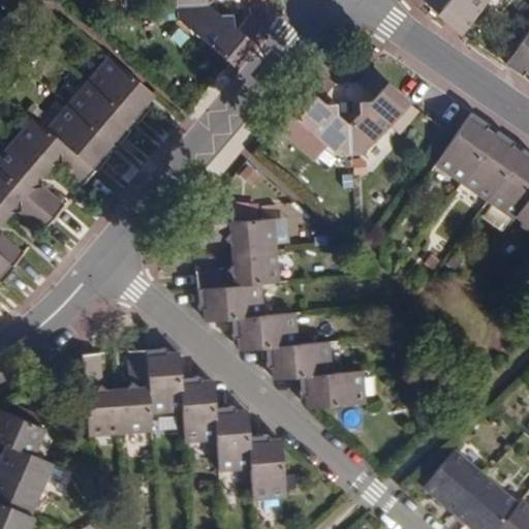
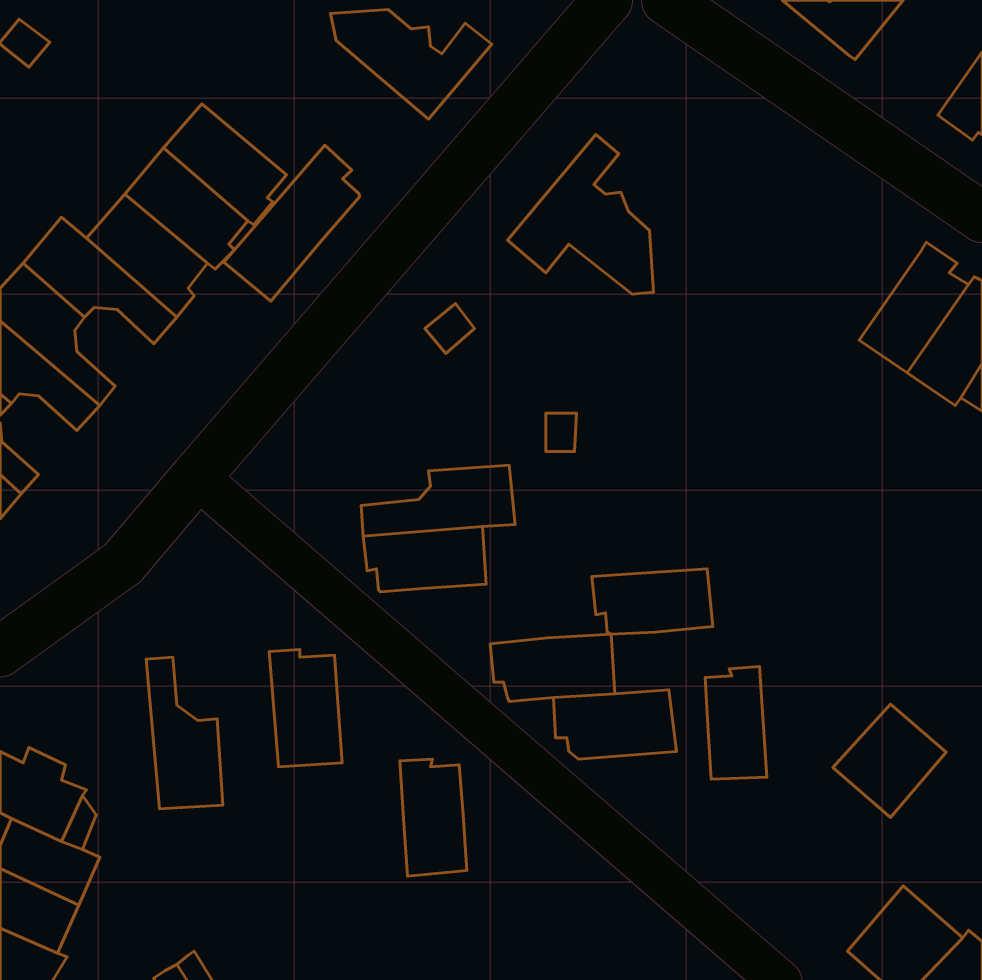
building: [349,68,407,158] -> none
building: none -> [224,145,359,301]
building: [435,113,495,184] -> none
building: [191,219,274,254] -> none
building: [229,313,294,348] -> [592,569,713,634]
building: [117,351,151,434] -> none
building: none -> [705,667,767,779]
building: [182,379,217,442] -> none
building: [249,438,283,499] -> none
building: [425,452,486,512] -> [833,704,946,818]

